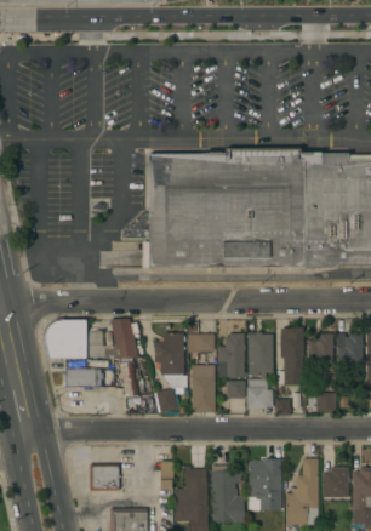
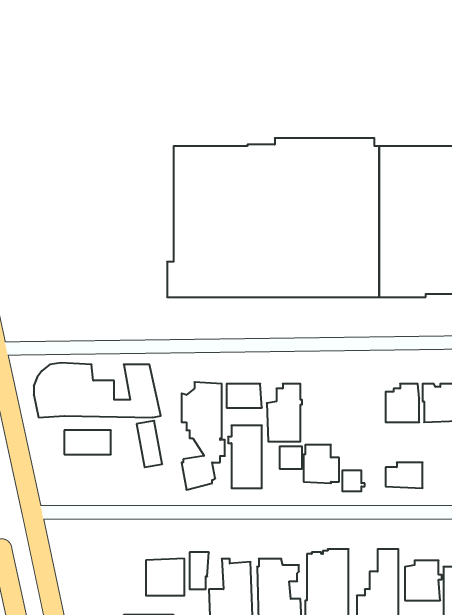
building: [280,327,304,390] -> none
building: [247,332,273,376] -> none
building: [90,463,119,491] -> [146,559,184,596]

